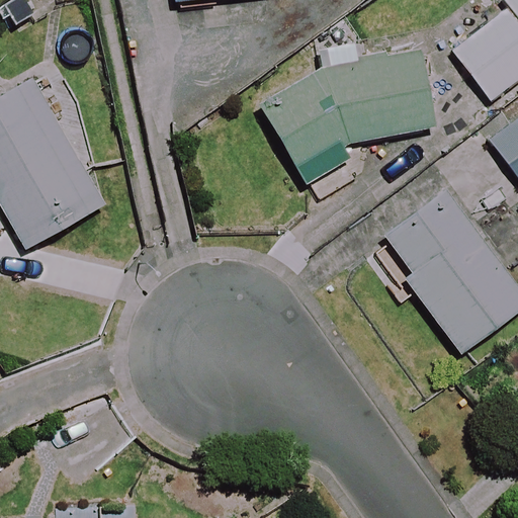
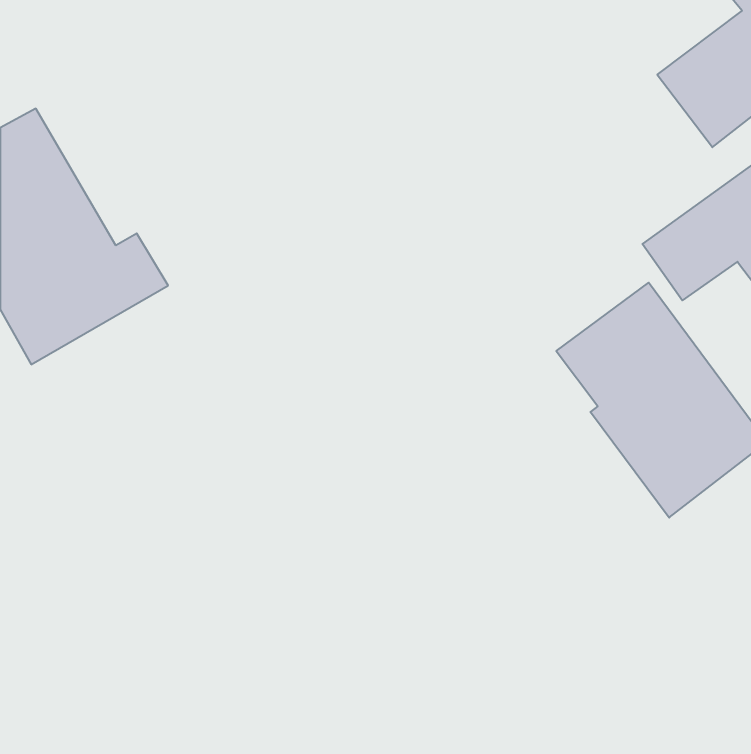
building: [261,53,428,184] -> none

